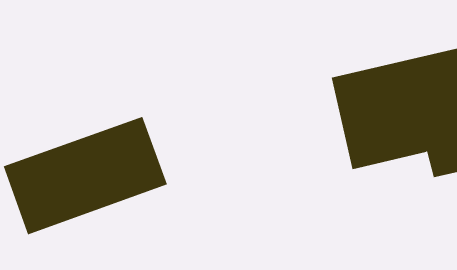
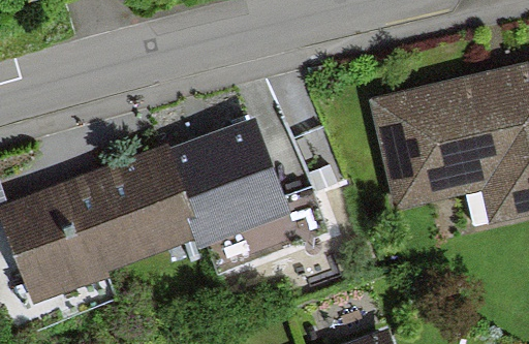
building: none -> [163,116,281,225]

